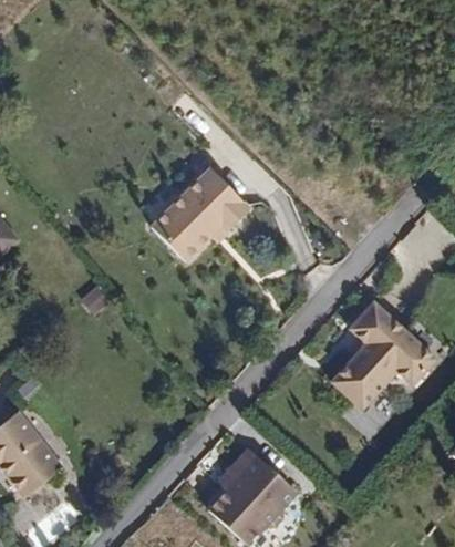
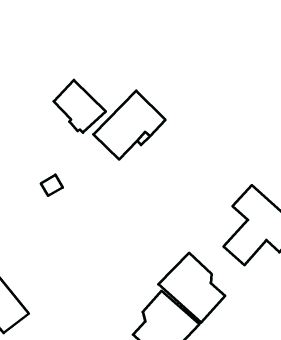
building: none -> [54,80,106,133]
building: none -> [158,253,225,323]

